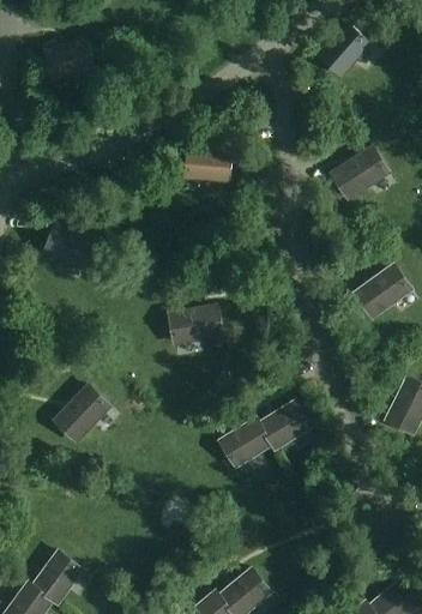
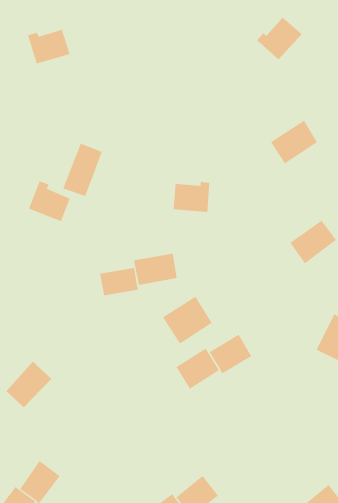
building: [186,145,230,182] -> [173,181,210,213]
building: none -> [62,143,103,197]
building: none -> [100,267,139,296]
building: none -> [162,296,212,344]
building: [54,386,109,443] -> [6,361,52,408]

